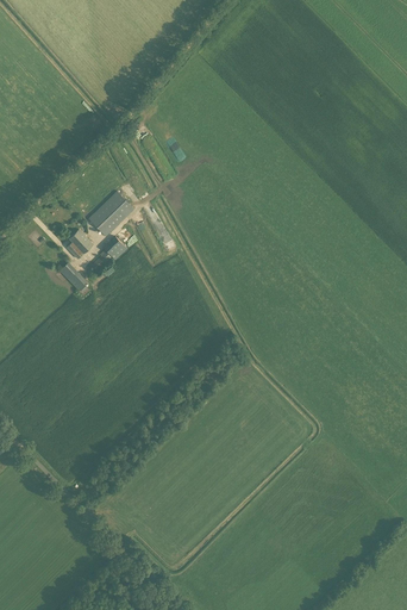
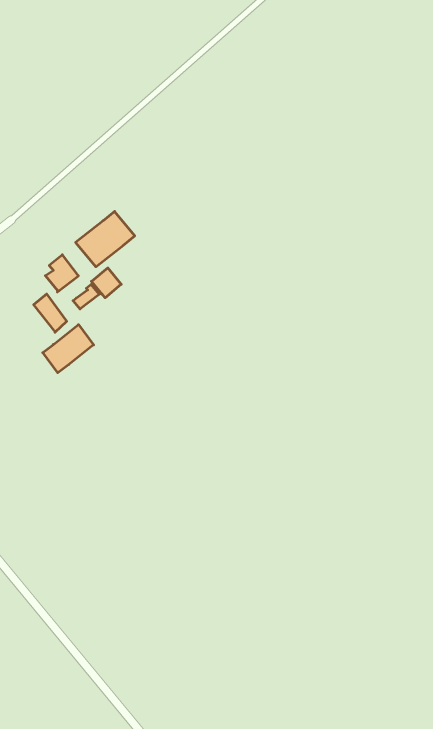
building: none -> [43,325,94,373]

